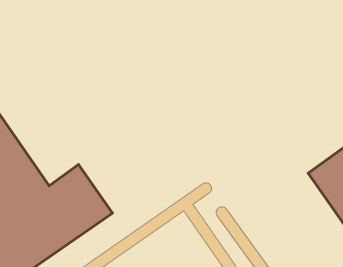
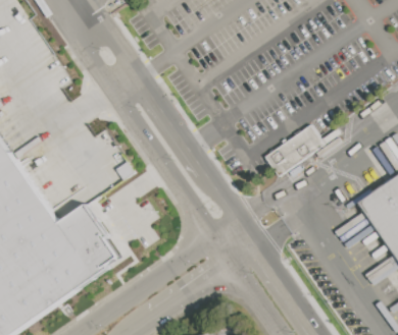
building: none -> [267,123,326,174]

